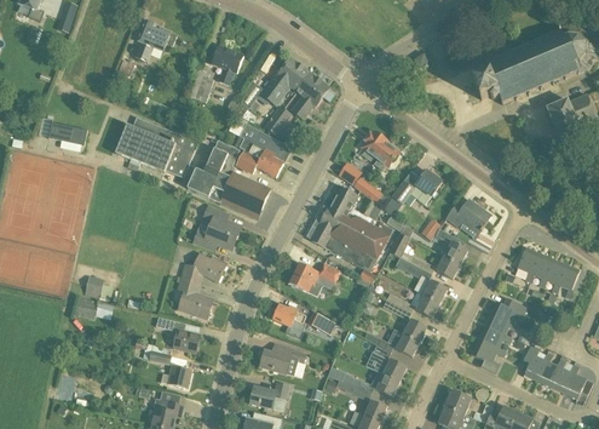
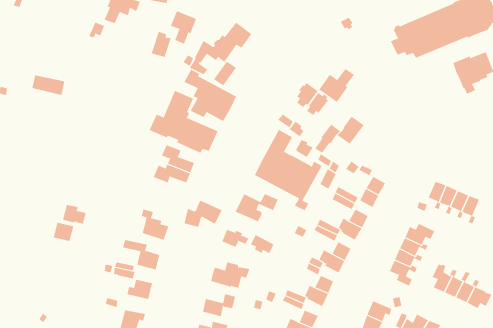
building: [290,73,329,119] -> none
building: none -> [319,68,355,103]
building: [115,116,197,177] -> none
building: [445,199,490,238] -> none
building: [179,252,225,285] -> [184,200,222,227]

